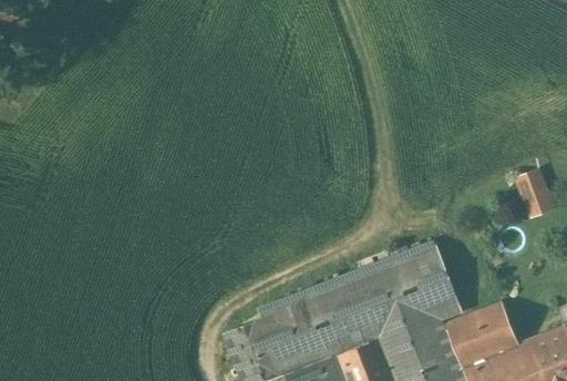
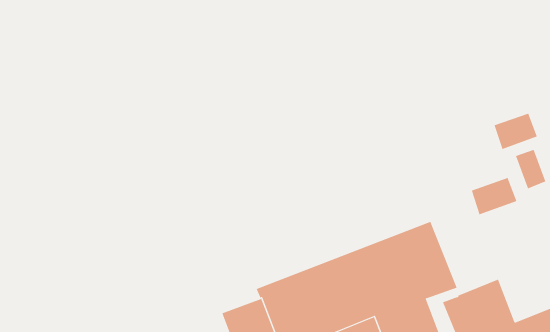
building: none -> [494,113,538,150]
building: none -> [471,177,517,215]

